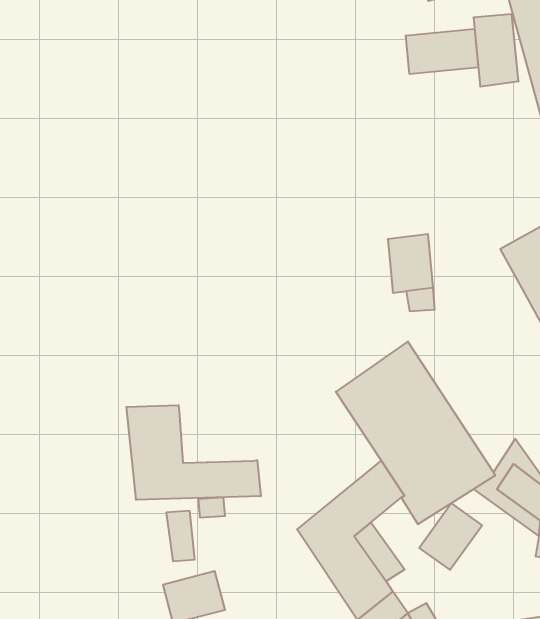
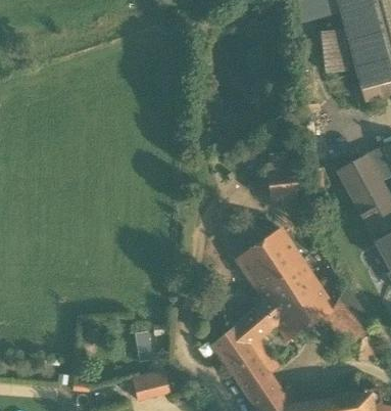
building: [406,29,478,74] -> none
building: [126,405,261,500] -> none
building: [419,503,482,570] -> none

